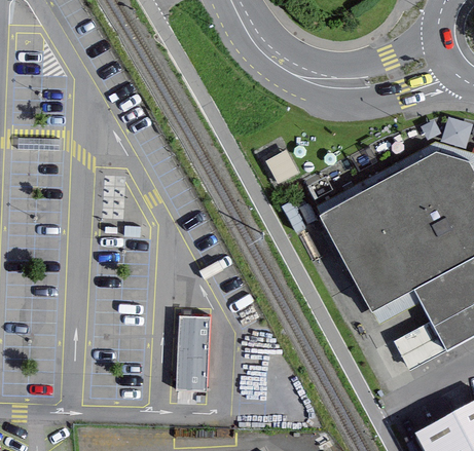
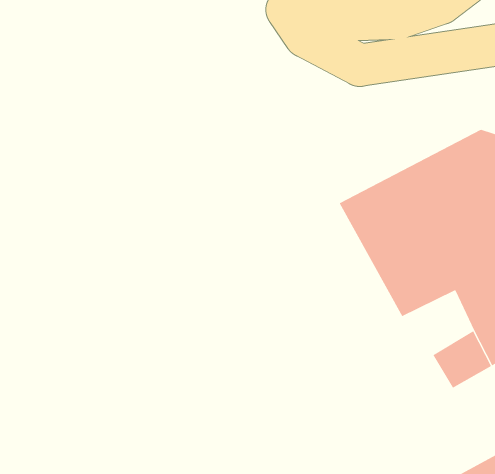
building: [177,313,210,389] -> none

